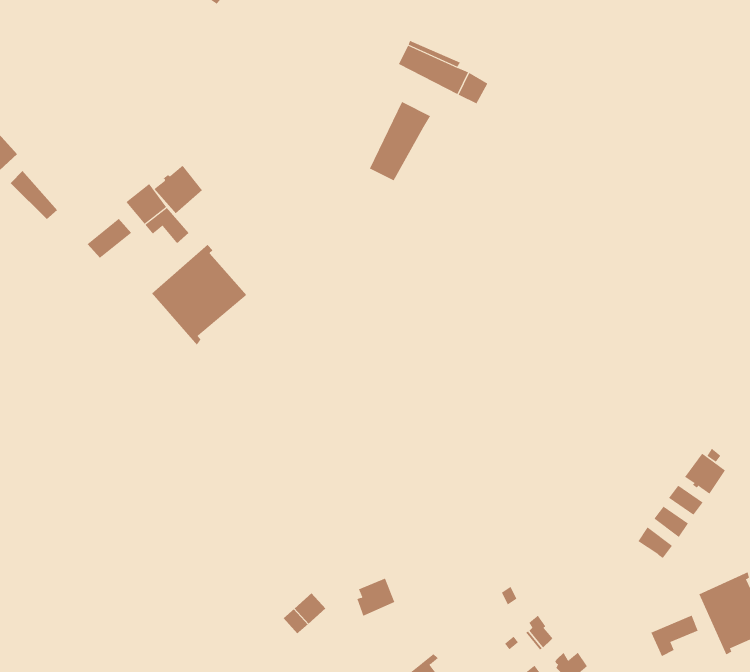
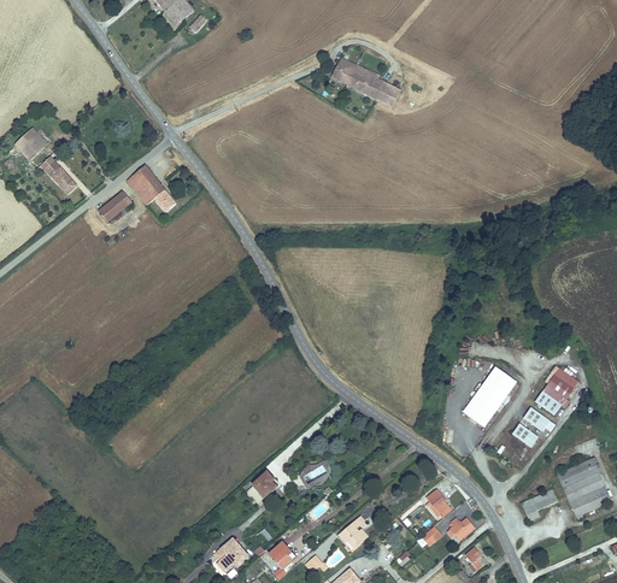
building: [369,101,431,181] -> none
building: [154,165,203,214] -> none
building: [151,244,247,346] -> none
building: none -> [464,367,516,426]

